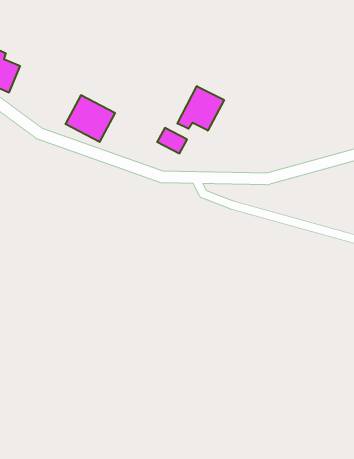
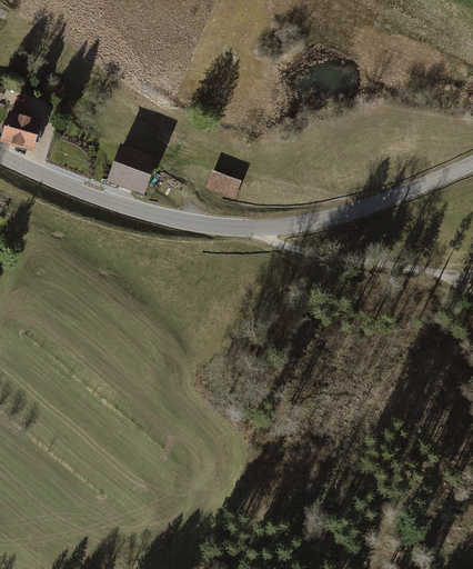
building: [177,86,224,131] -> none

